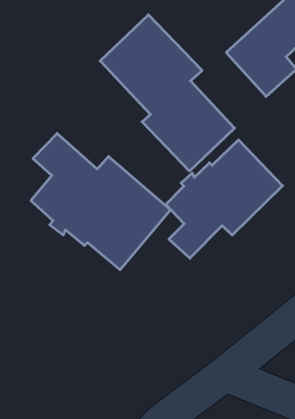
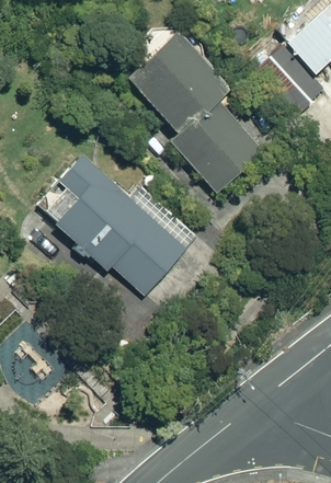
building: [166,140,283,258] -> none

